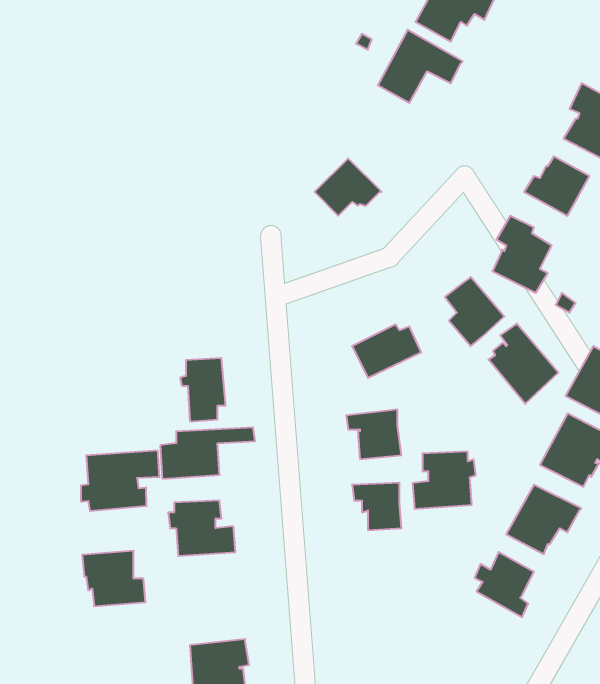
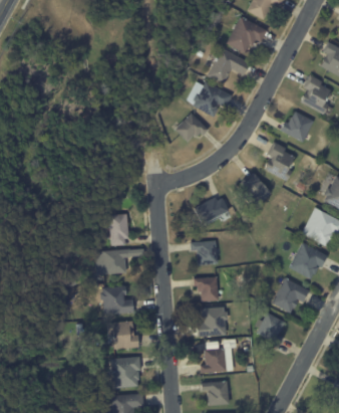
building: none -> [193,81,232,117]
building: [488,323,558,404] -> none
building: [81,450,159,511] -> none
building: [412,452,476,509] -> [197,307,229,337]
building: [82,551,145,606] -> [107,322,139,350]
building: none -> [201,348,234,374]

